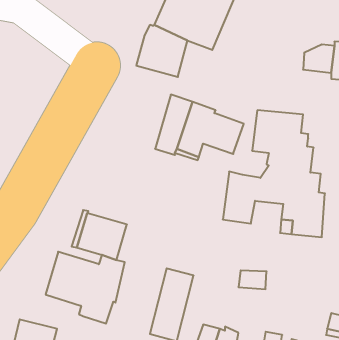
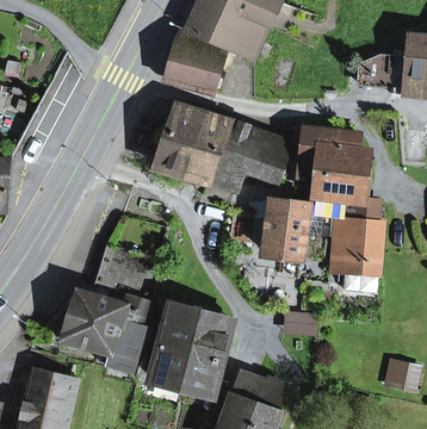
building: none -> [155,102,205,173]
building: none -> [150,303,200,385]

